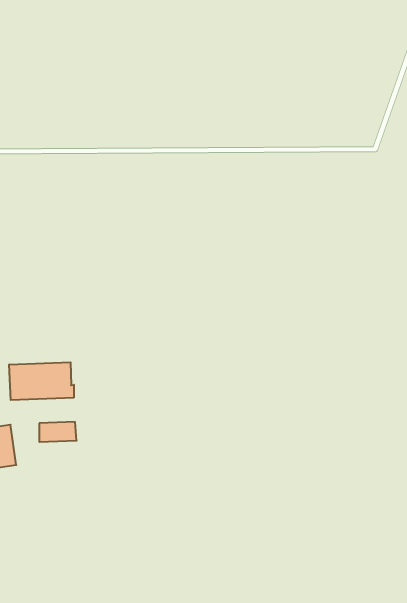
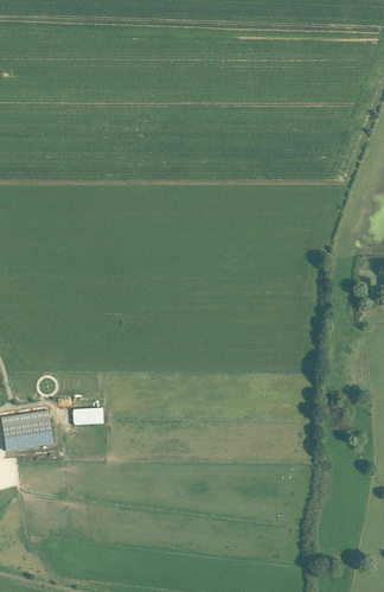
building: [9,362,74,400] -> none

